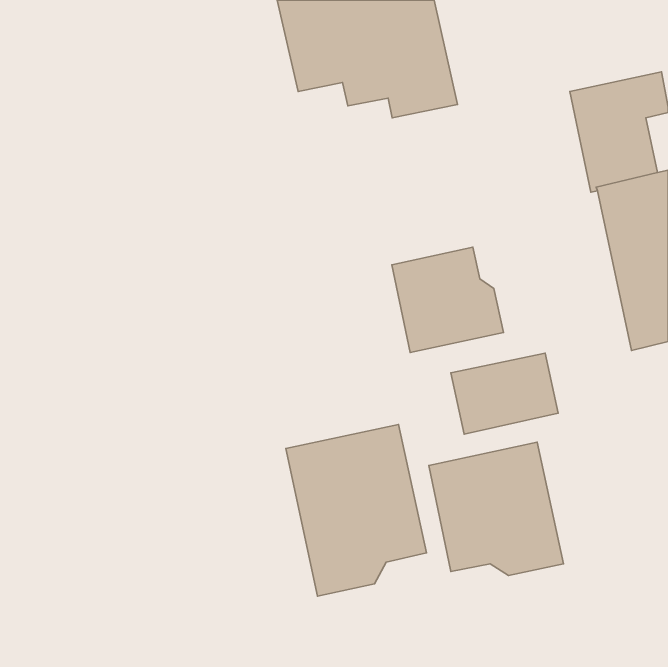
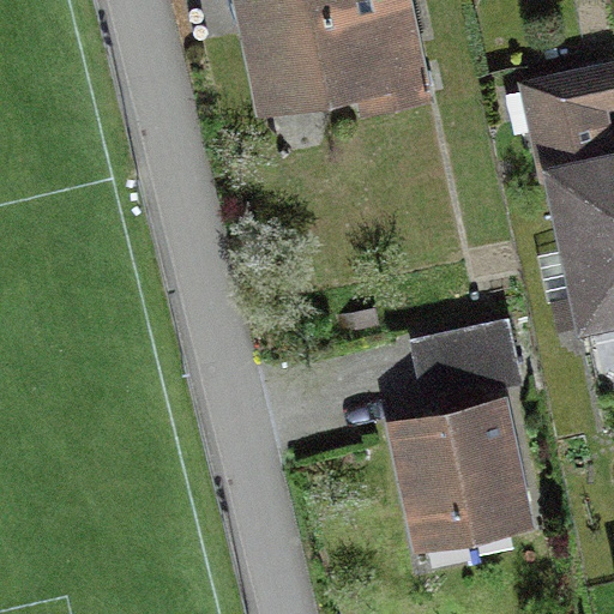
building: [392,247,503,352] -> none
building: [286,424,427,596] -> none

